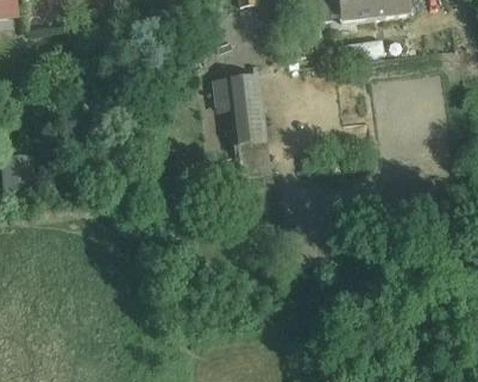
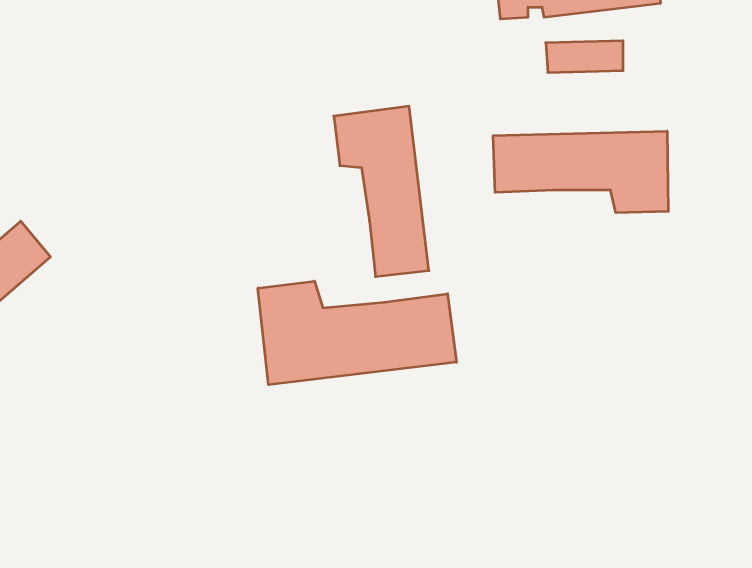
building: none -> [493,131,668,213]
building: none -> [258,281,456,385]

